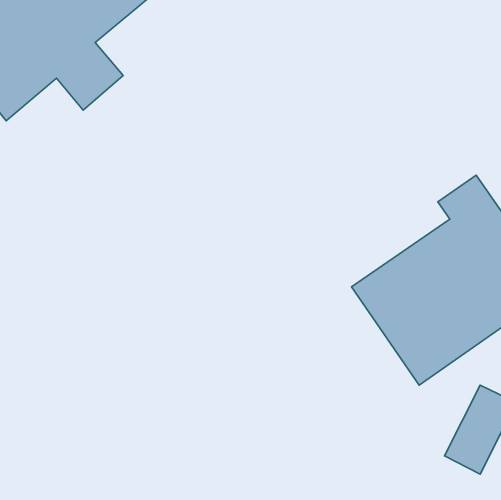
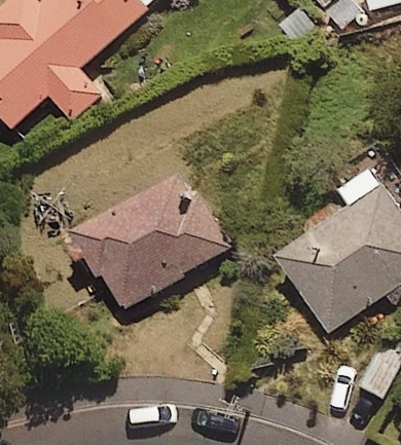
building: none -> [75,173,229,310]

